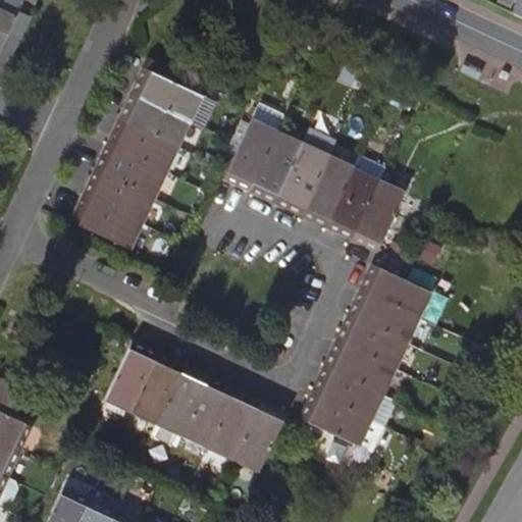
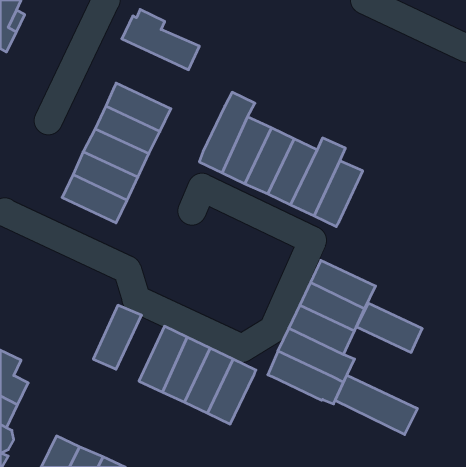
building: [130,60,217,127] -> [122,9,199,70]
building: [359,264,432,319] -> [356,303,422,352]
building: [130,352,185,425] -> none
building: none -> [335,375,417,435]

